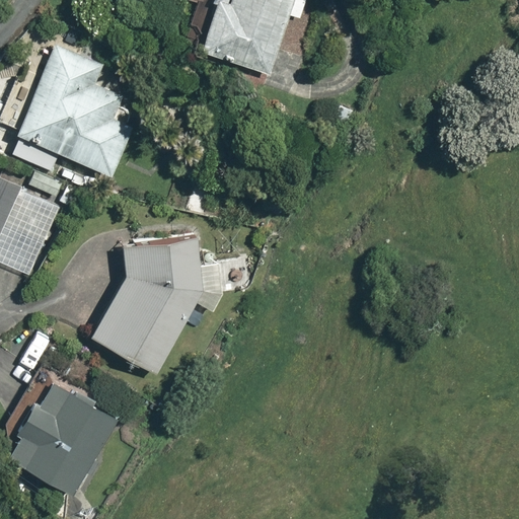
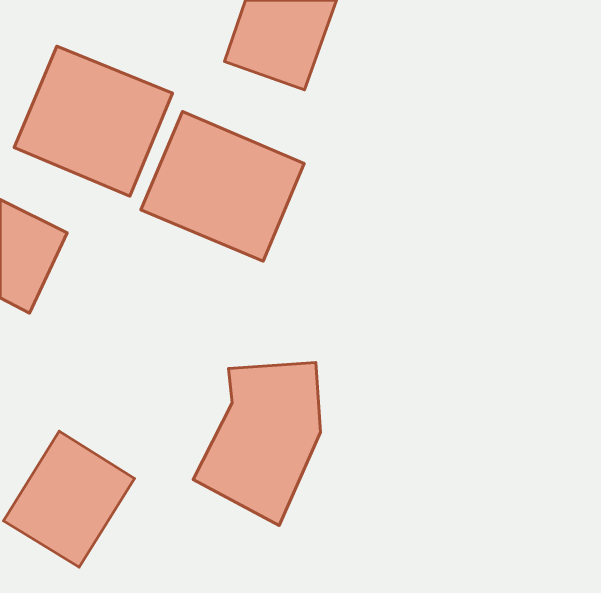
building: none -> [141,112,304,261]
building: [89,235,199,375] -> [193,363,321,526]

